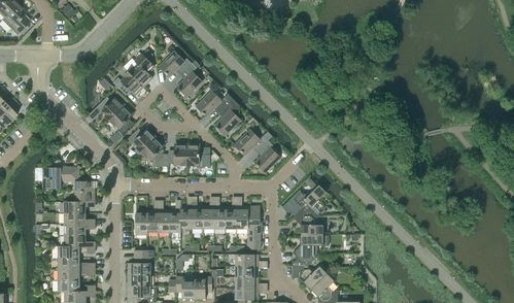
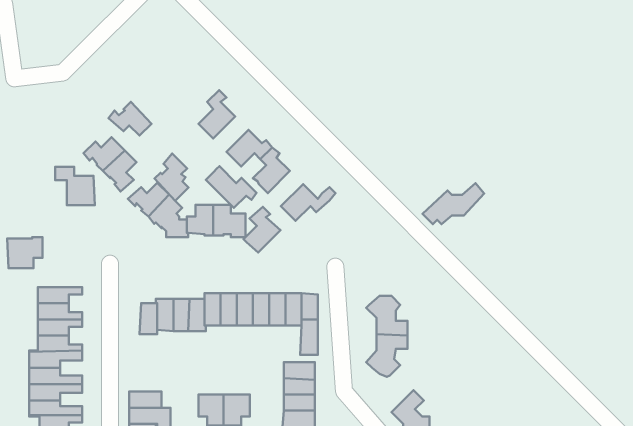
building: [159,52,191,77] -> none
building: [129,55,152,88] -> [155,154,189,201]
building: none -> [206,166,257,208]
building: [254,141,280,173] -> [244,207,280,252]
building: [67,175,95,202] -> [55,167,95,205]
building: [282,186,325,214] -> [422,183,484,224]
building: [128,257,150,275] -> none
building: [293,259,327,290] -> none

